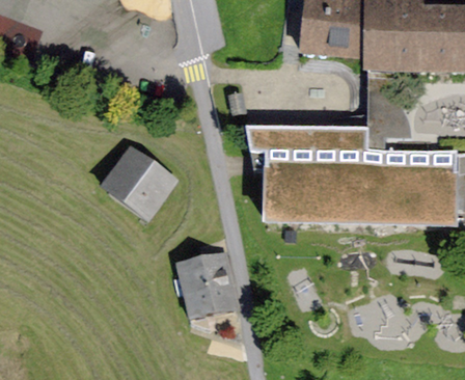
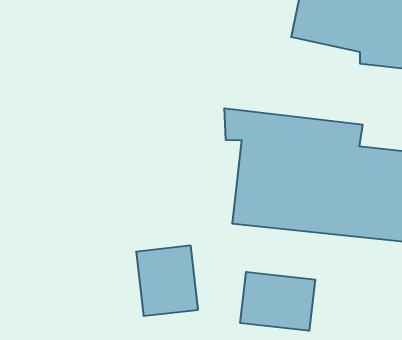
building: [106,146,182,218] -> none
building: none -> [240,272,315,331]

